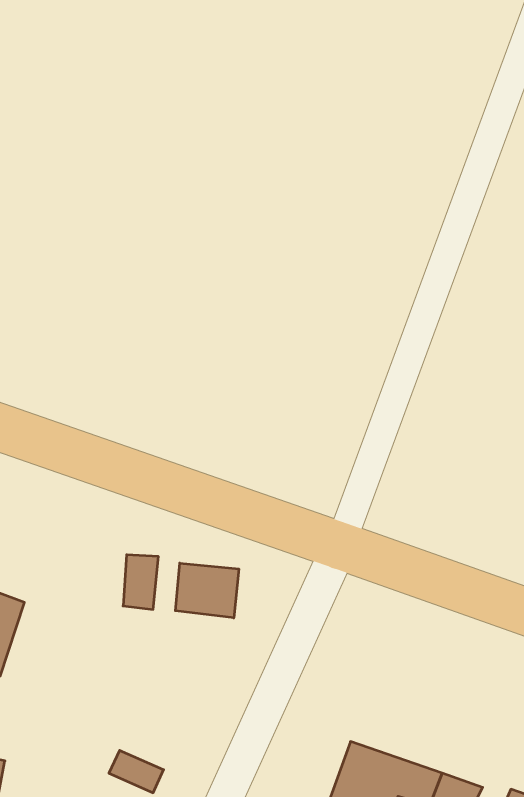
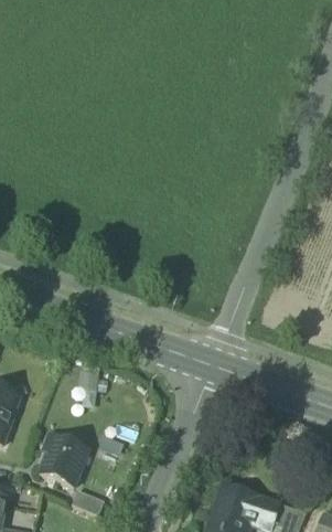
building: [175,563,239,618] -> none
building: none -> [40,434,87,486]

